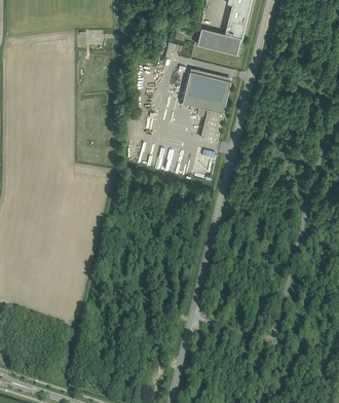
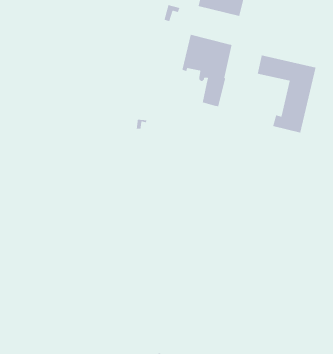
building: none -> [257,55,316,133]

